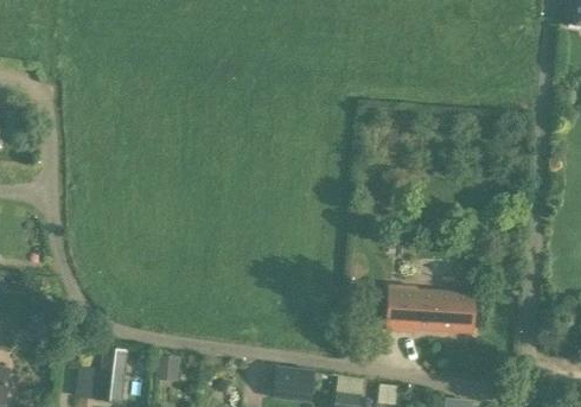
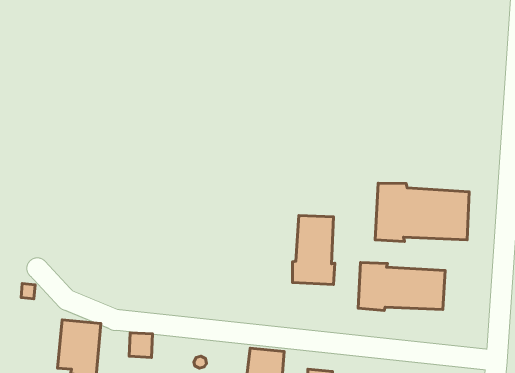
building: none -> [375,183,469,242]
building: none -> [292,215,335,285]

